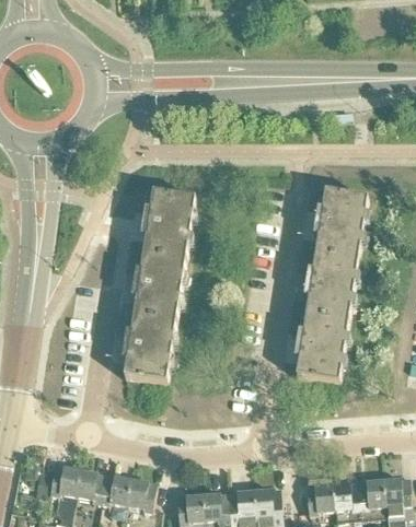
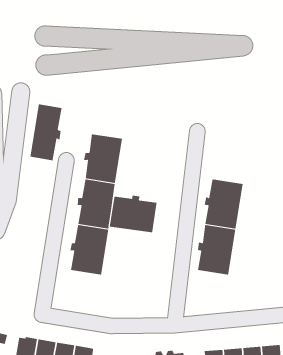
building: none -> [30,103,62,161]
building: [313,190,367,259] -> none
building: none -> [109,195,157,233]

